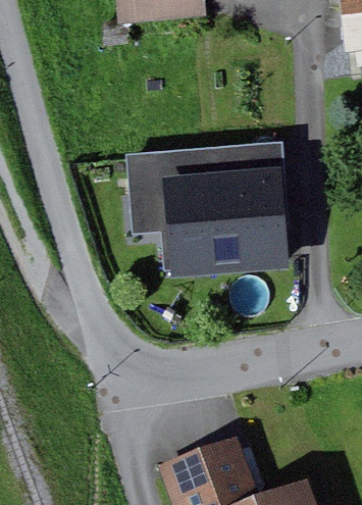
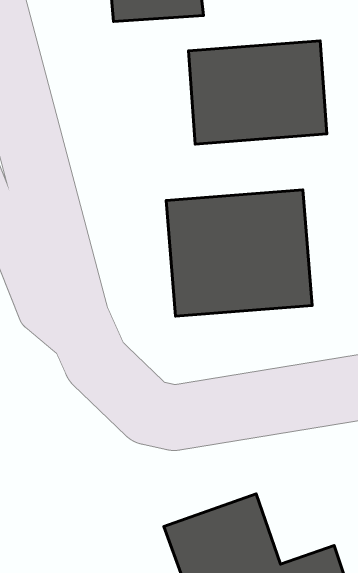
building: none -> [189,41,327,144]

